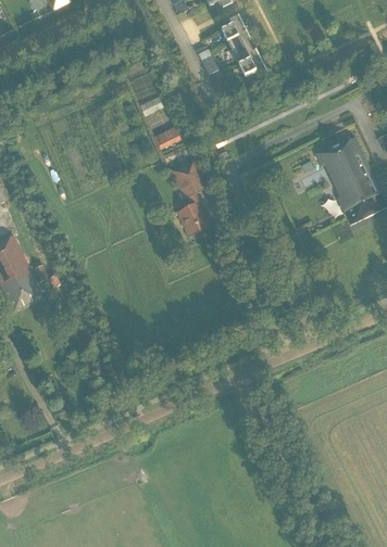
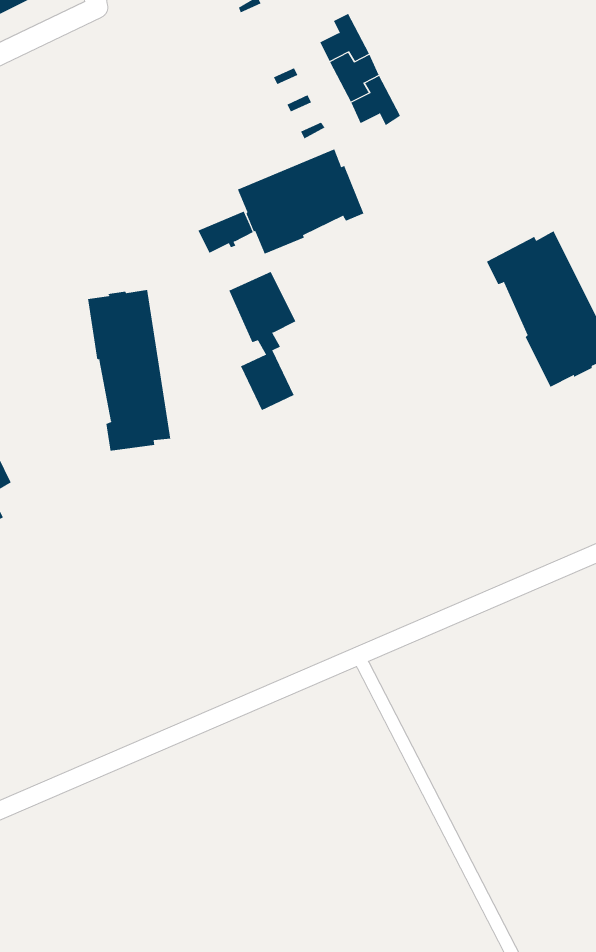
building: none -> [237,149,364,255]
building: none -> [87,289,171,451]

